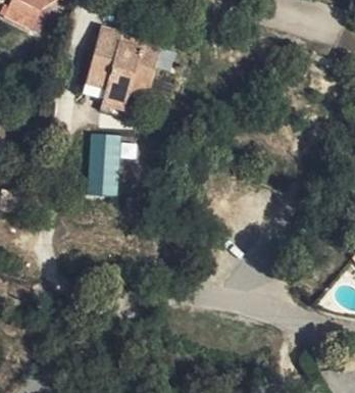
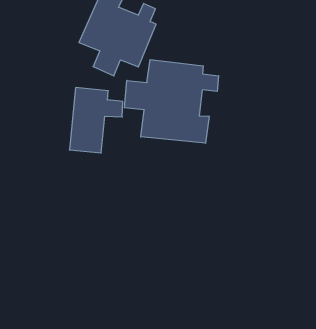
building: none -> [124,60,219,143]

